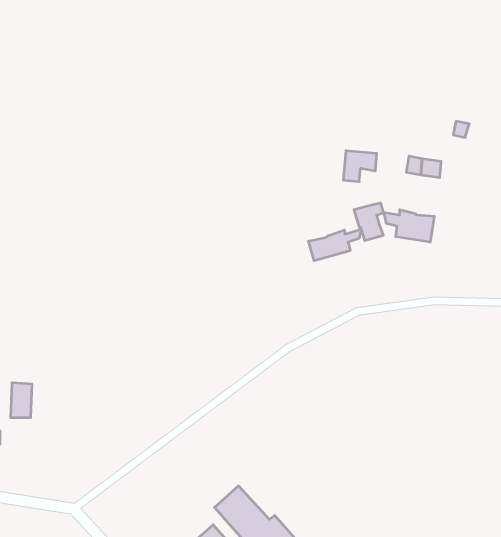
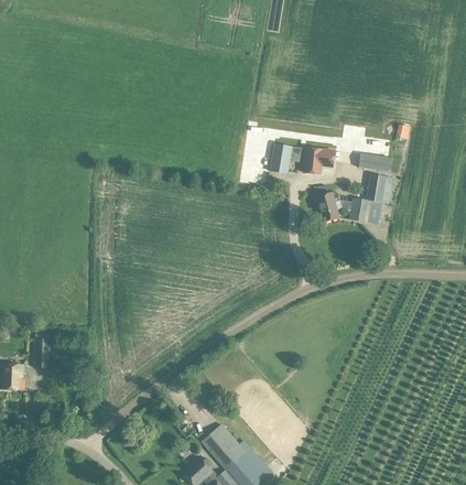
building: none -> [270,142,292,172]
building: none -> [366,172,386,202]
building: [309,229,361,261] -> none

